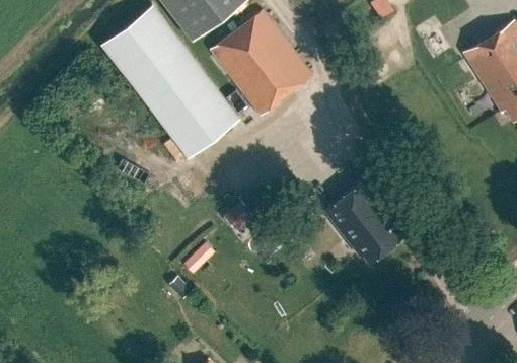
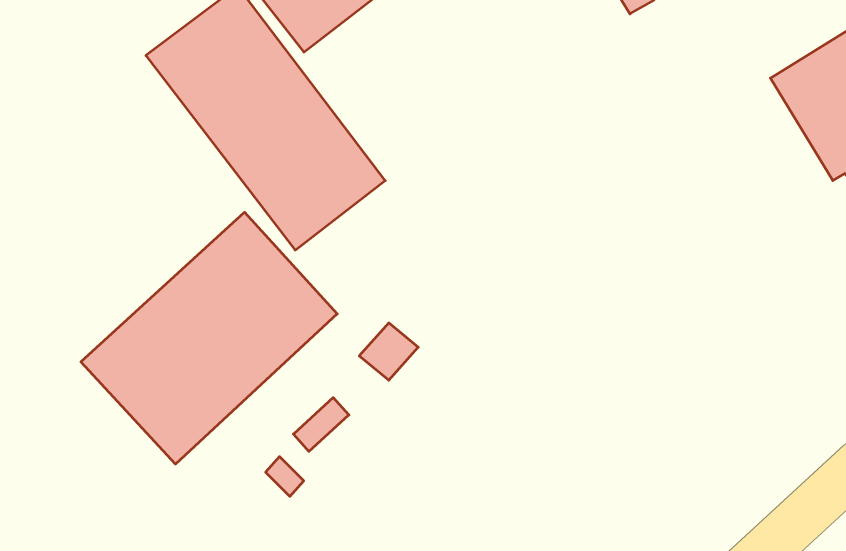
building: [210,14,313,120] -> none
building: none -> [81,212,337,464]
building: [324,174,405,257] -> none

